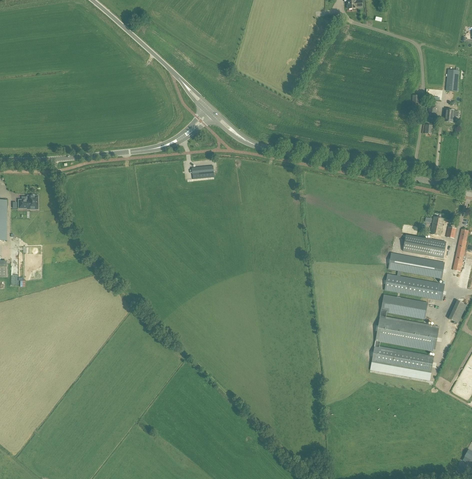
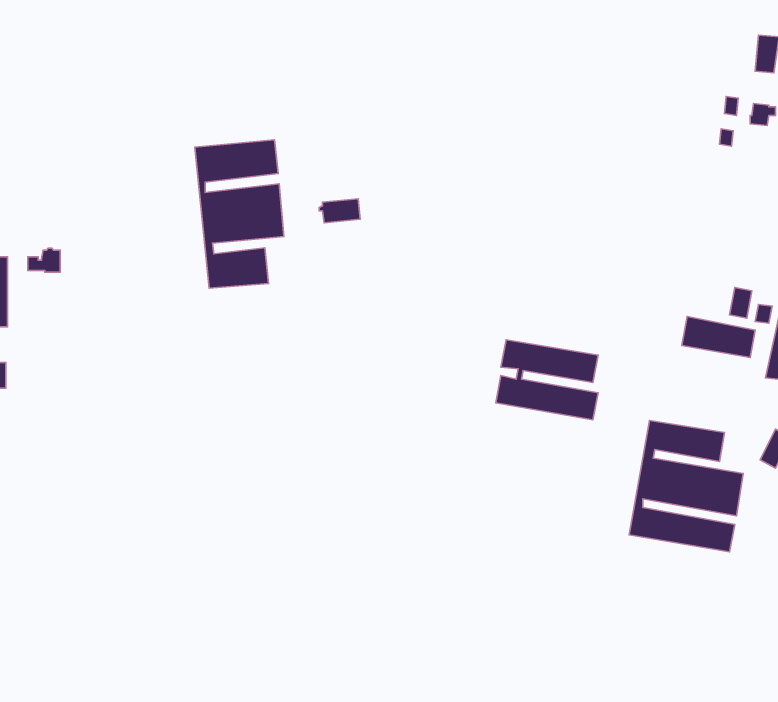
building: none -> [195,140,284,288]
building: [384,252,444,299] -> [496,340,598,420]

